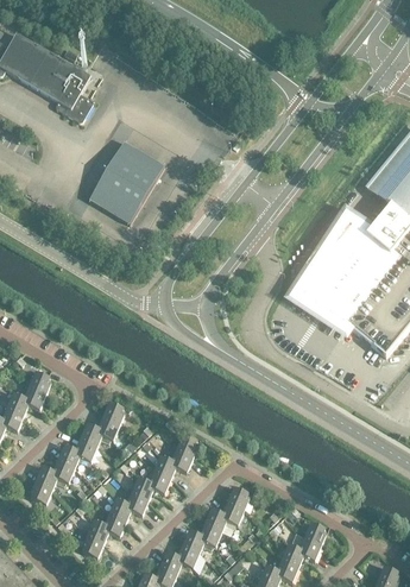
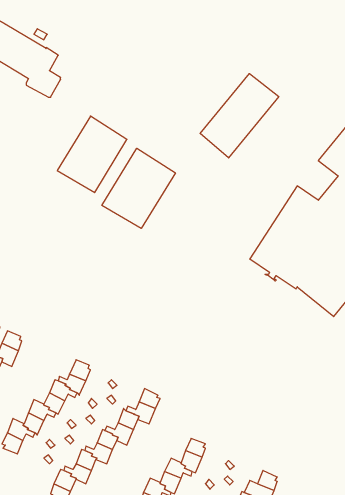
building: none -> [200,74,279,158]
building: none -> [102,148,175,228]

